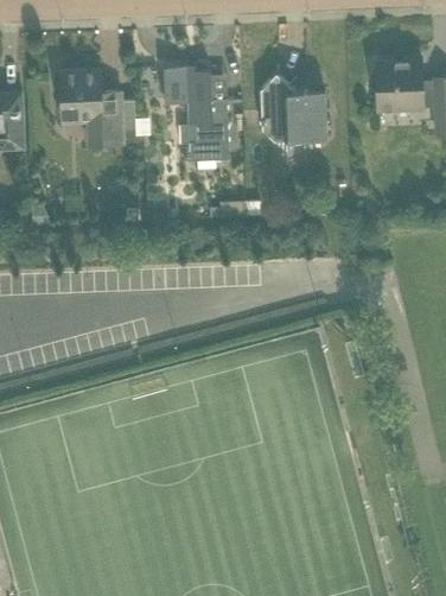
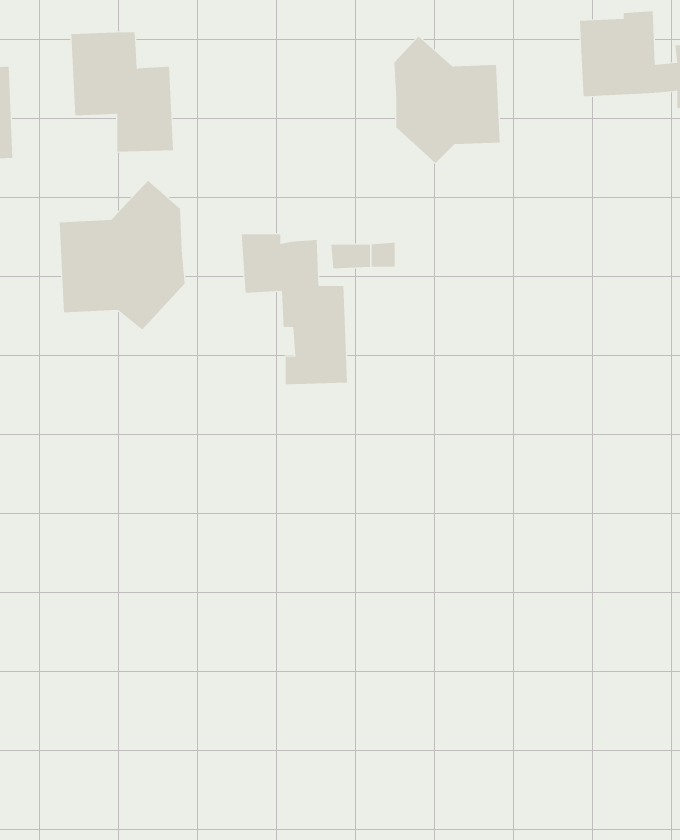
building: [163,66,229,160] -> [241,234,348,385]
building: none -> [59,180,185,331]

